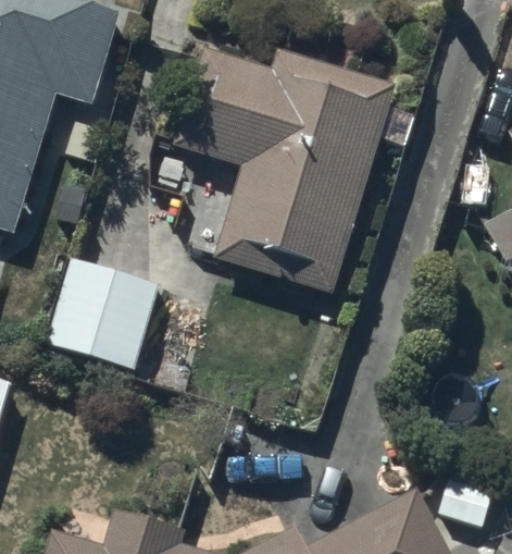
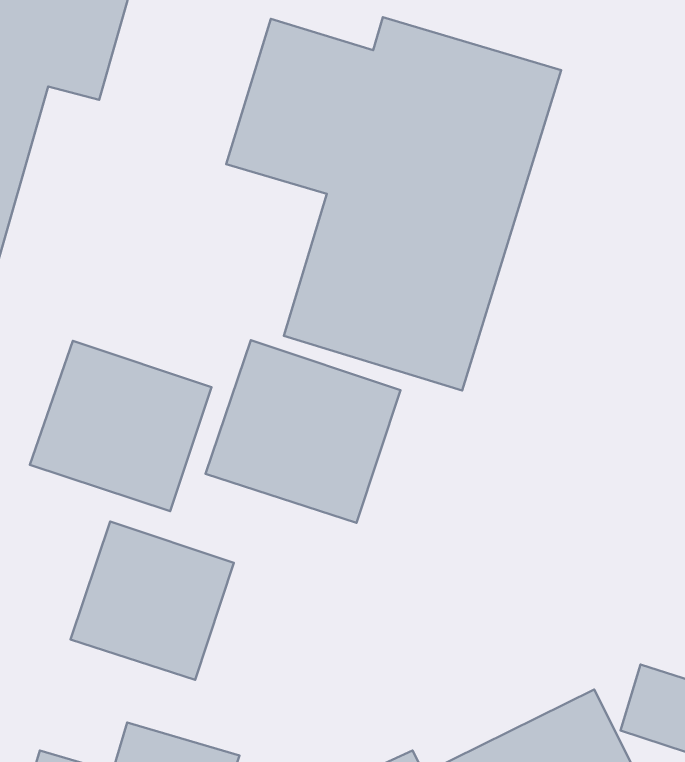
building: none -> [205,340,401,523]
building: none -> [70,522,234,680]

